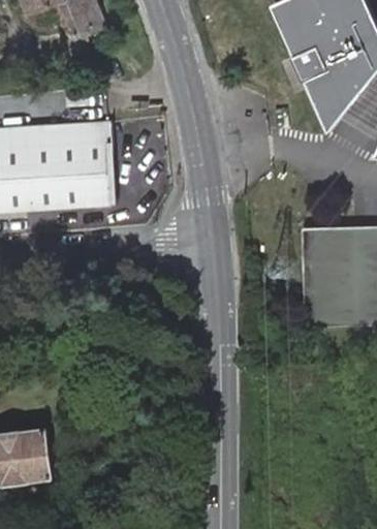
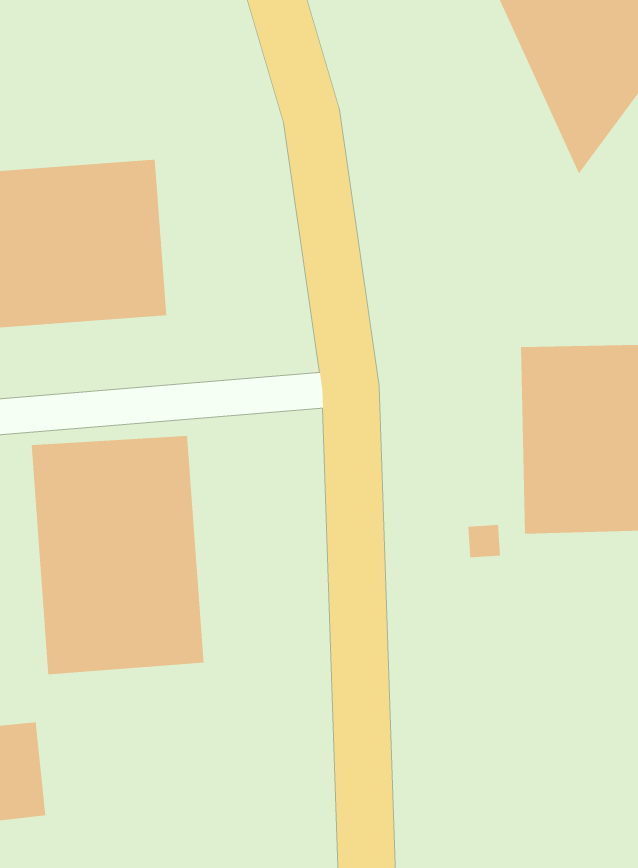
building: none -> [31,435,204,675]

